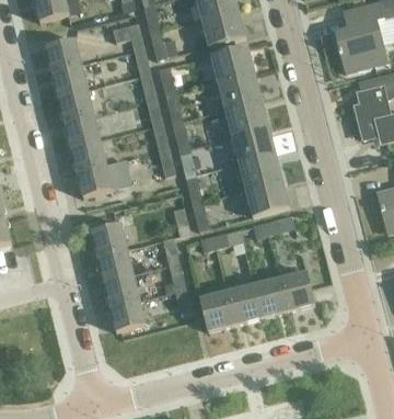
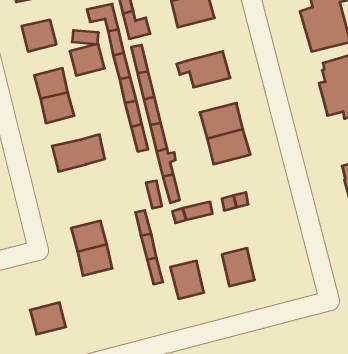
building: [209,45,254,82] -> none
building: [51,65,88,98] -> [70,44,105,75]
building: [223,100,268,136] -> none
building: [70,139,106,171] -> none
building: [244,180,289,217] -> none
building: [90,224,127,257] -> none
building: [279,271,314,310] -> none
building: [227,284,260,324] -> none
building: [108,298,146,331] -> [30,303,66,334]

